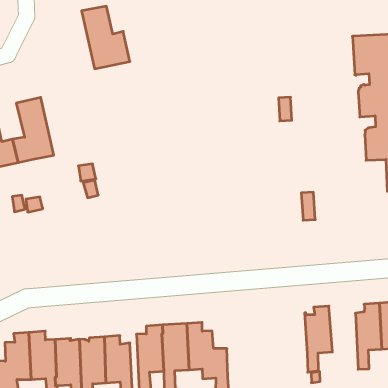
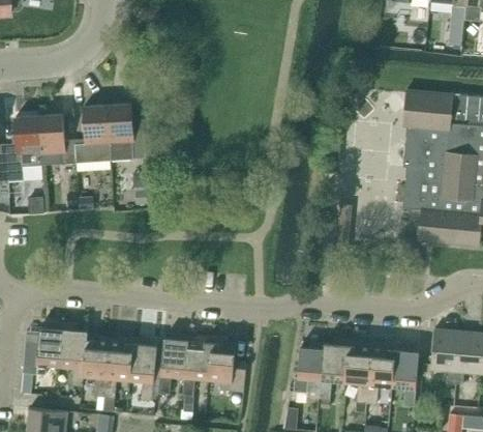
building: [82,6,130,69] -> [107,104,145,161]
building: none -> [344,340,371,403]
building: none -> [293,342,324,393]

